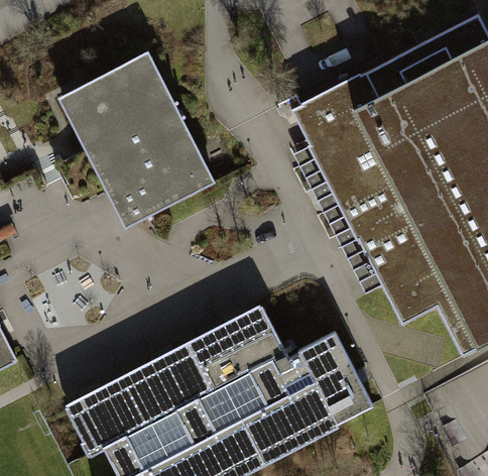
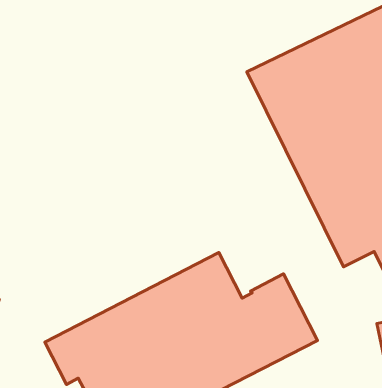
building: [63,56,213,227] -> none

